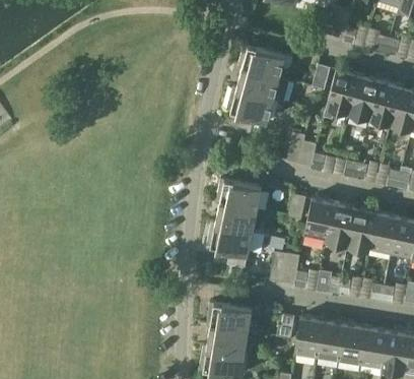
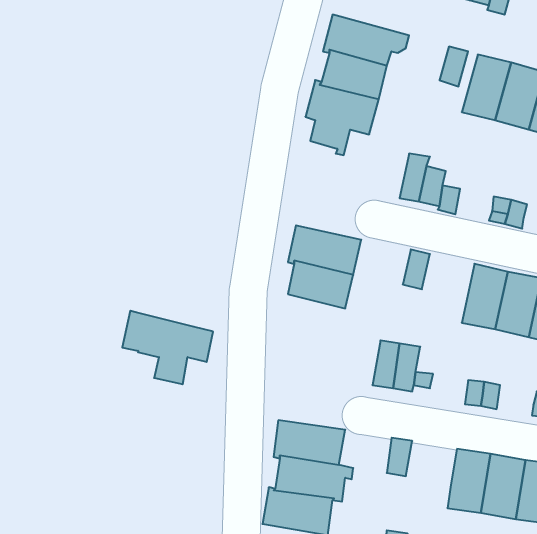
building: [305,199,336,242] -> none
building: [208,223,266,269] -> [122,311,213,384]
building: [296,318,325,360] -> none

